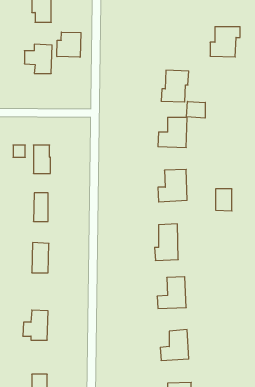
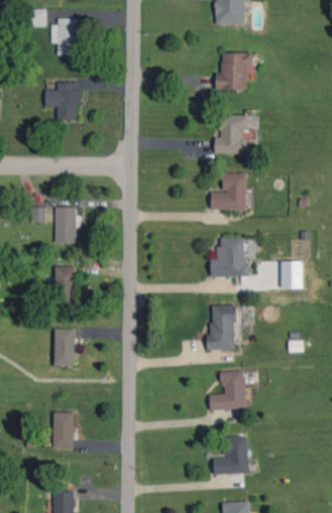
building: [210,27,240,57] -> [215,52,252,90]
building: [57,32,81,57] -> none
building: [187,101,205,118] -> none

